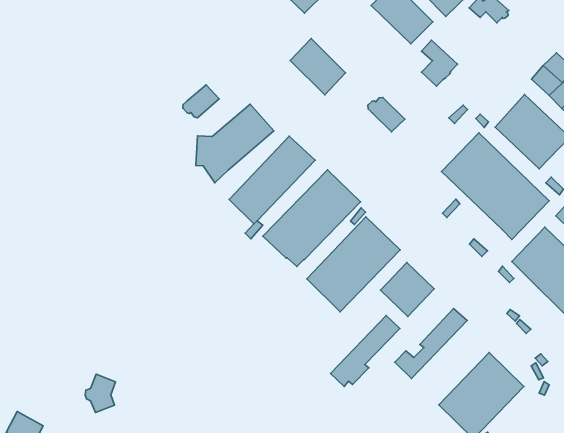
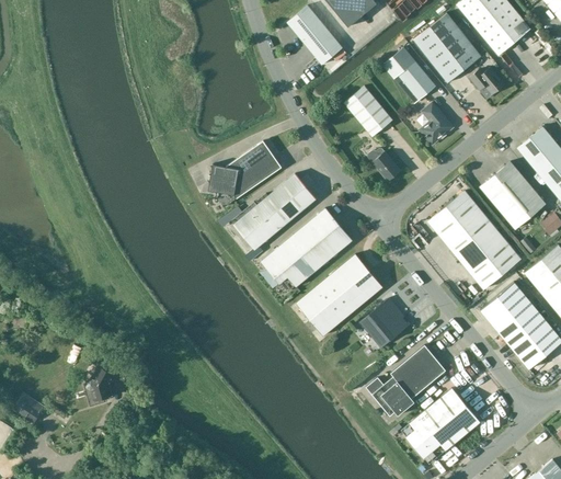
building: [290,39,346,95] -> [344,85,392,137]
building: [183,85,219,118] -> none
building: [330,315,400,387] -> [379,357,446,417]

